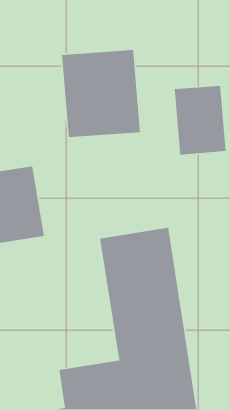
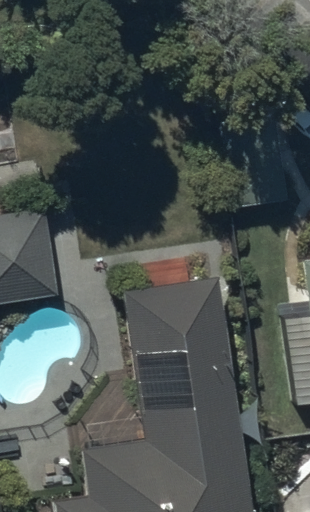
building: [61,49,141,138] -> none

